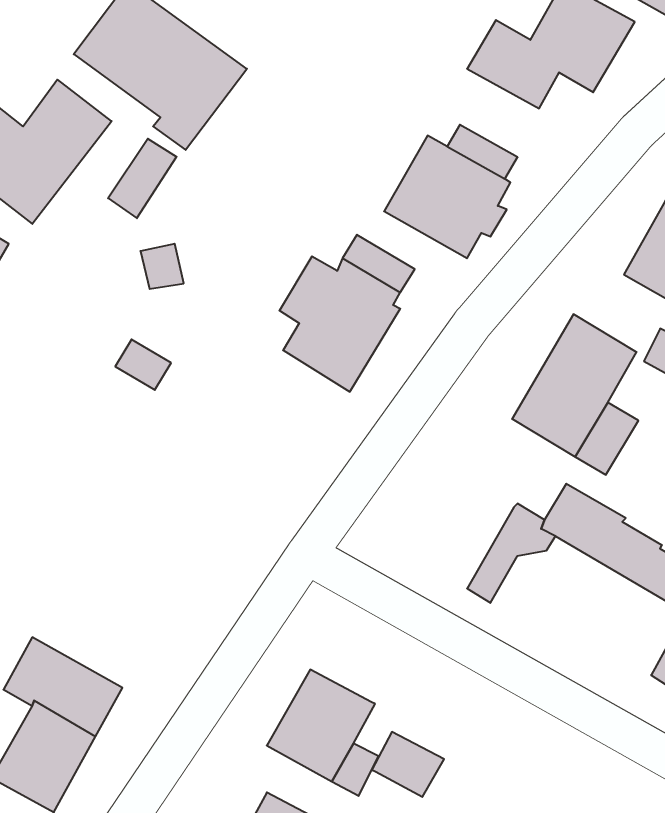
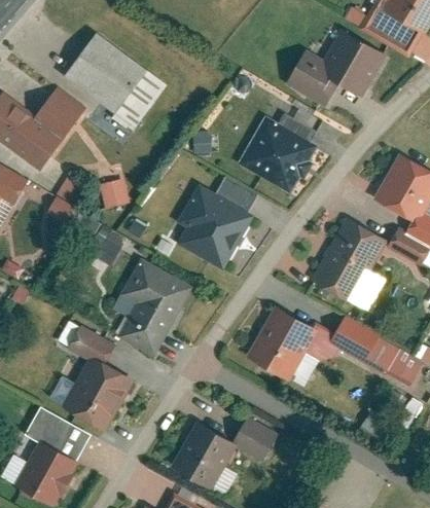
building: [108,139,177,218] -> [43,178,82,223]
building: none -> [119,259,190,353]
building: none -> [249,310,314,377]
building: none -> [63,325,130,428]
building: [372,732,444,797] -> [232,421,274,458]

